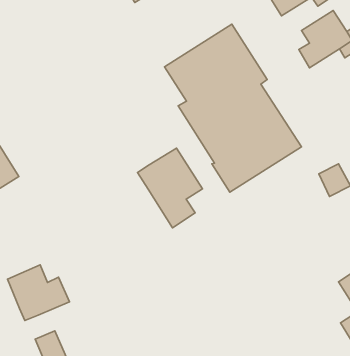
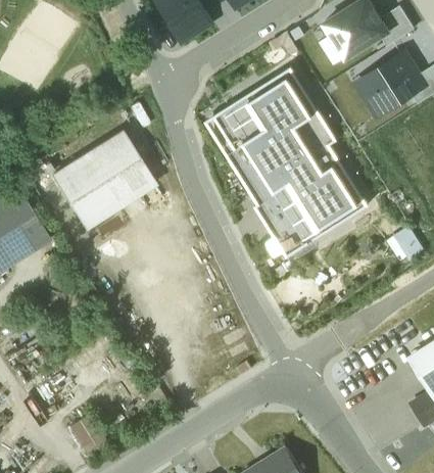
building: none -> [51,131,153,226]
building: [138,148,203,228] -> none
building: [7,265,69,321] -> none

